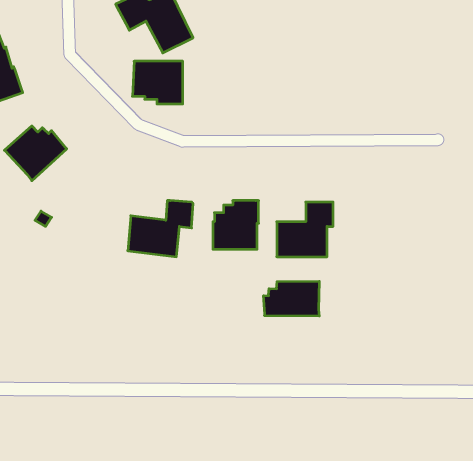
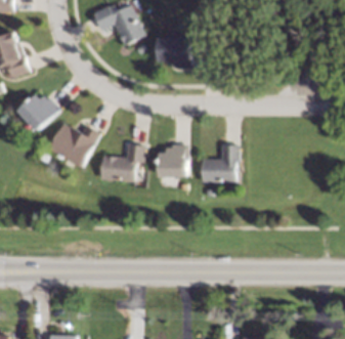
building: [132,61,183,104] -> [157,38,190,67]
building: none -> [48,123,100,168]
building: [264,281,319,316] -> none

